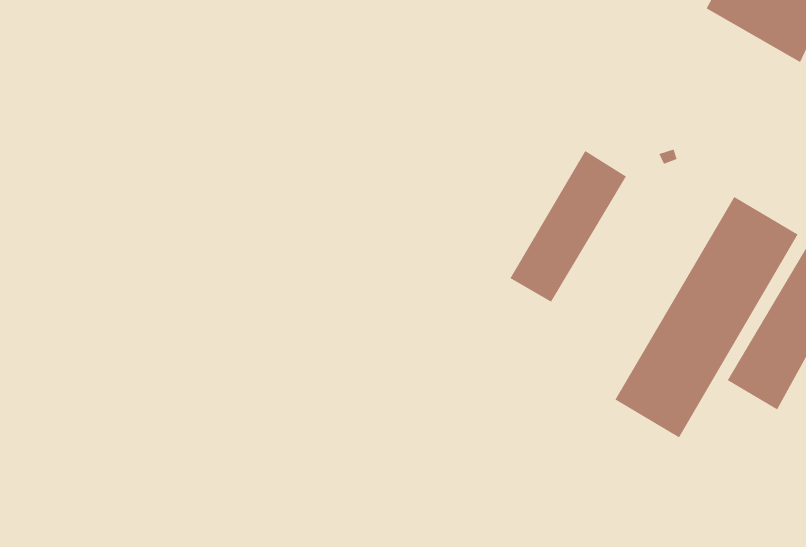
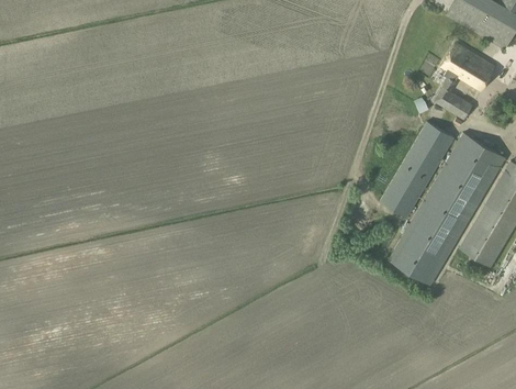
building: none -> [435,44,495,120]
building: [510,150,627,303] -> [381,122,455,218]

